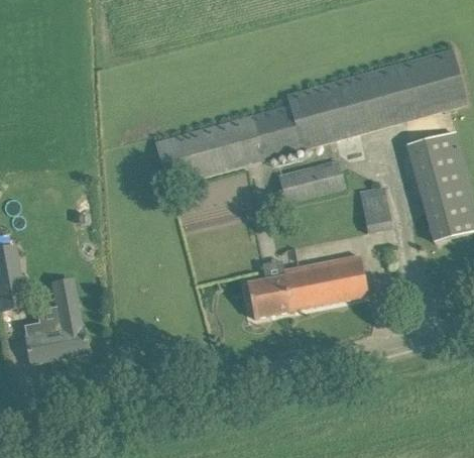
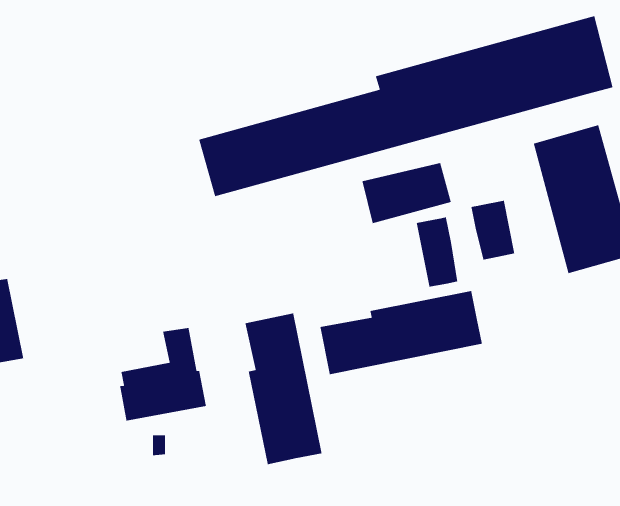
building: none -> [416,217,458,288]
building: none -> [244,313,322,465]
building: [23,293,89,363] -> [119,327,207,421]

